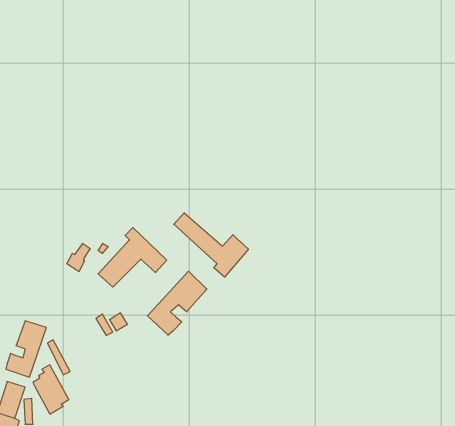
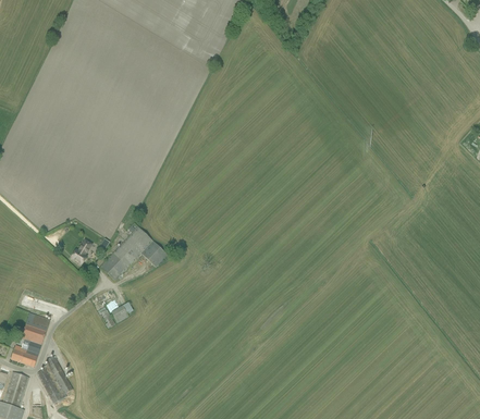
building: [174,213,248,277] -> none
building: [147,271,207,335] -> none

